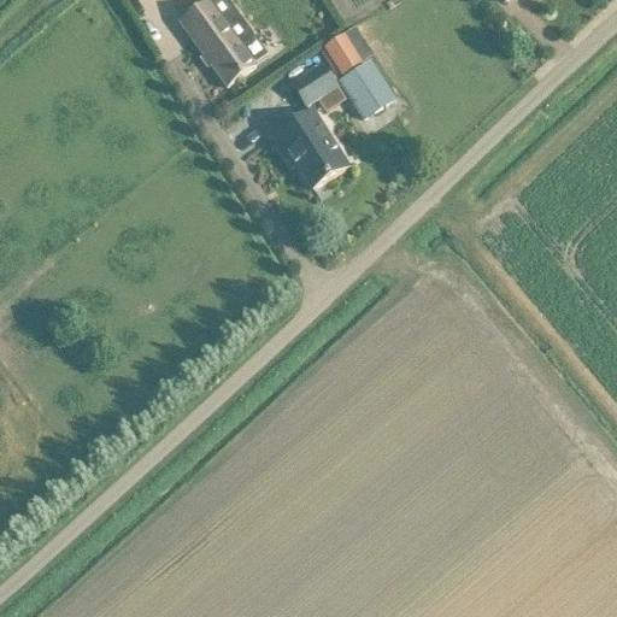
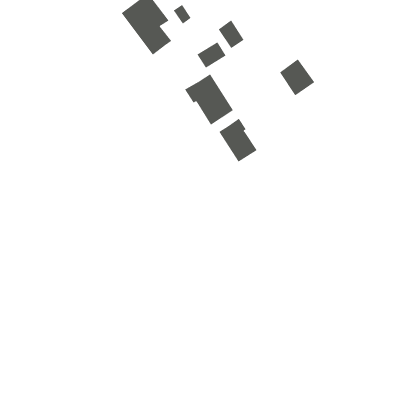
building: [342,61,395,117] -> [279,59,315,96]
building: none -> [219,118,257,162]

